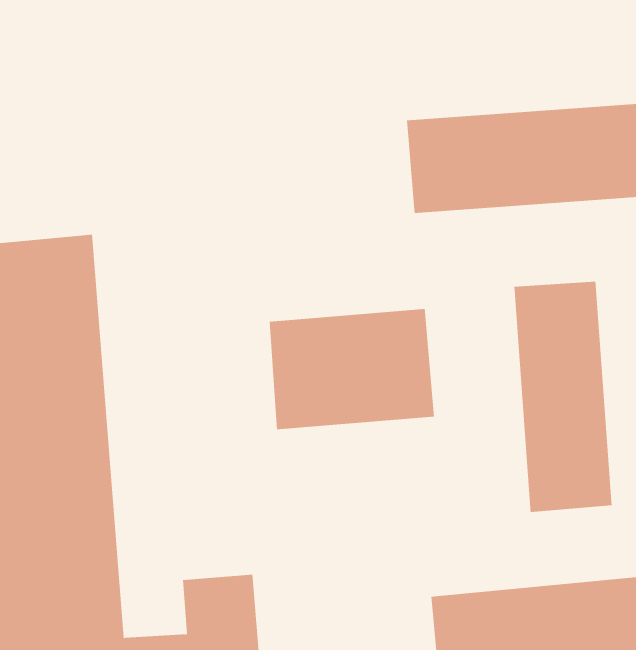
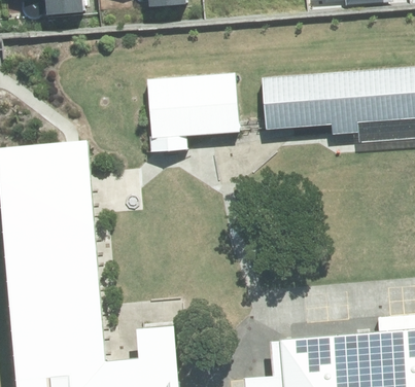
building: [514,281,612,513] -> none
building: [269,308,435,430] -> [146,72,238,139]

